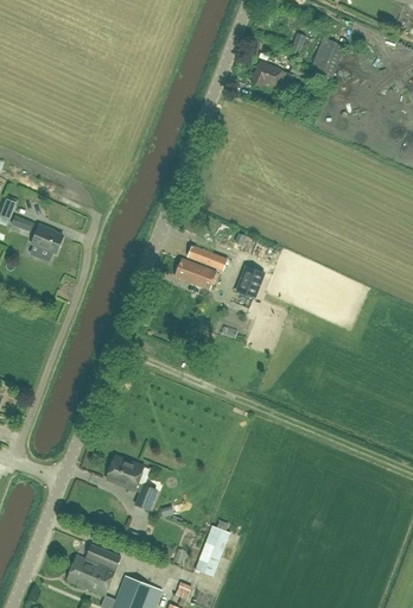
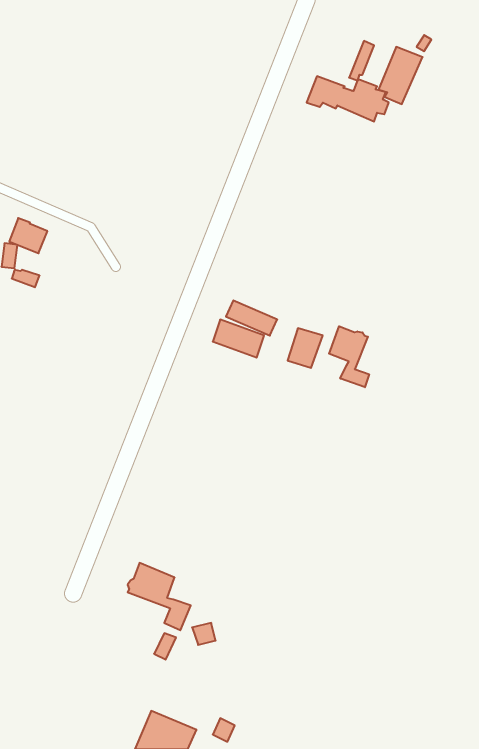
building: [31,226,62,254] -> [9,218,47,253]
building: none -> [329,326,369,387]
building: [193,526,229,577] -> none
building: [65,545,120,596] -> none

